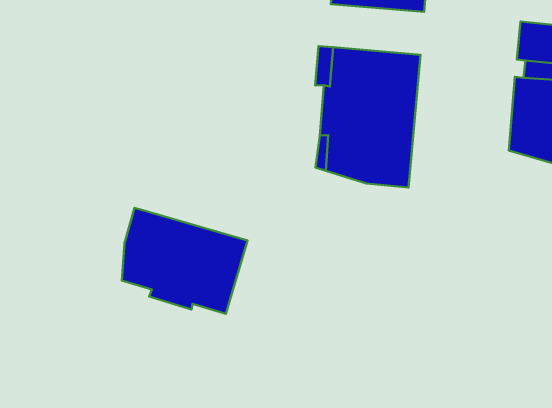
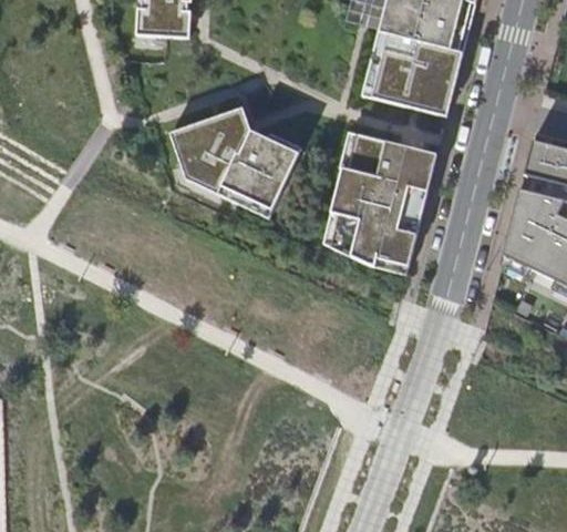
building: none -> [171,105,302,216]
building: [122,208,247,314] -> none

